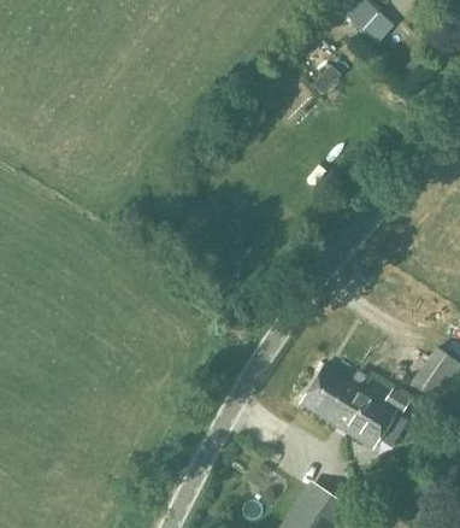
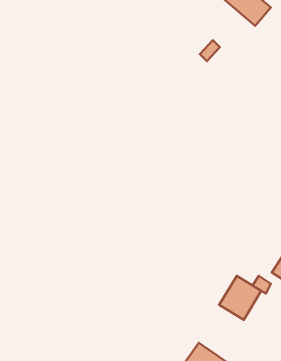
building: [301,365,364,429] -> none

